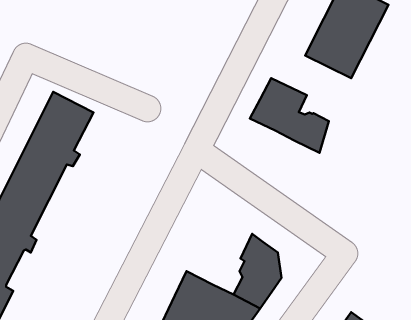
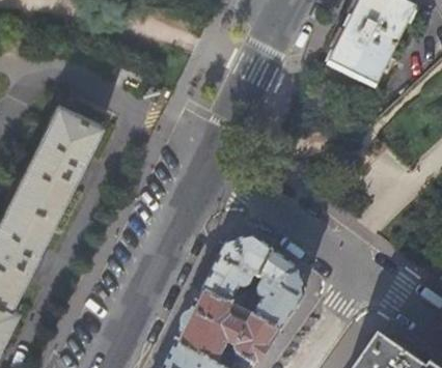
building: [250,78,329,153] -> none
building: none -> [202,237,272,306]

